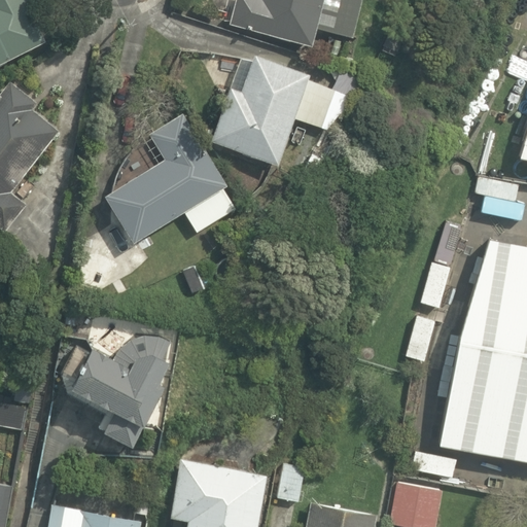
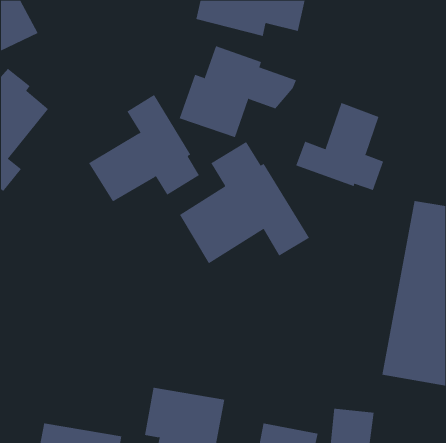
building: none -> [296,102,384,191]
building: none -> [179,141,310,264]
building: [75,336,170,428] -> none

